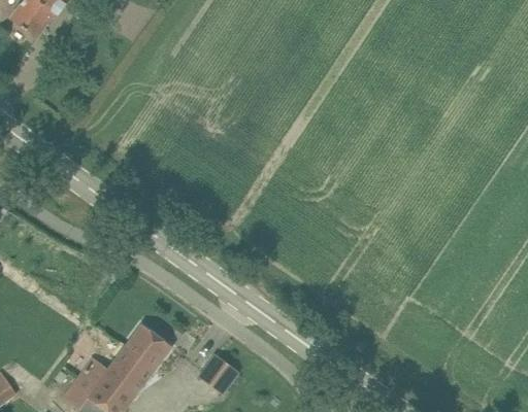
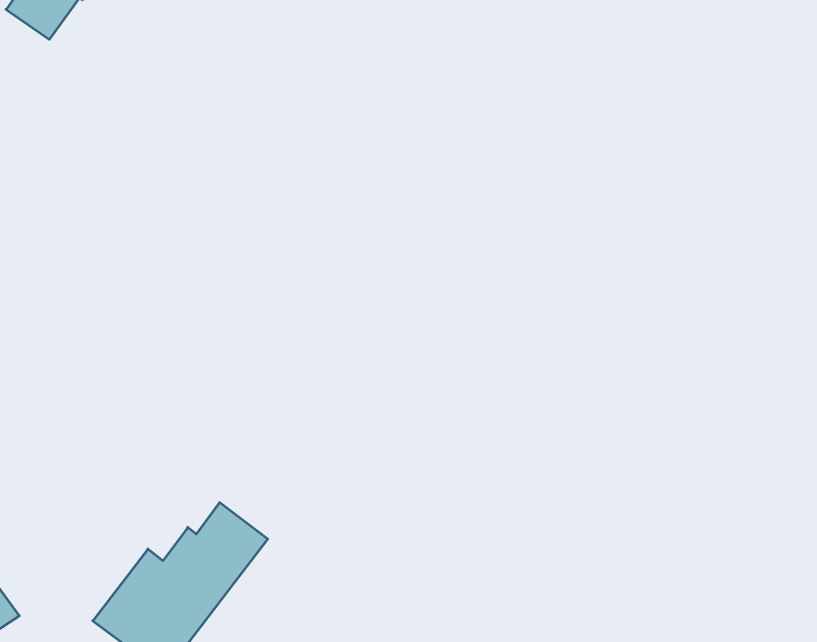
building: [199,355,238,394] -> none

